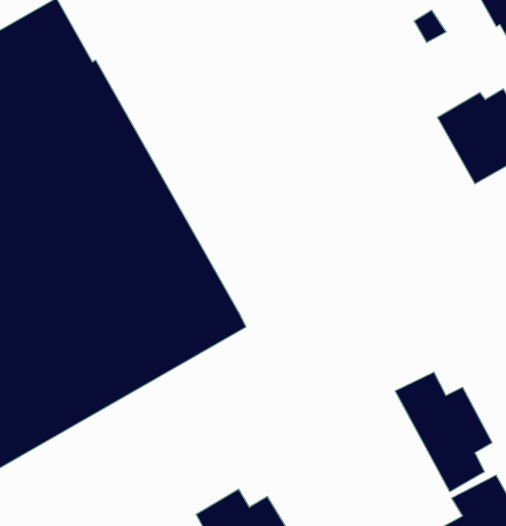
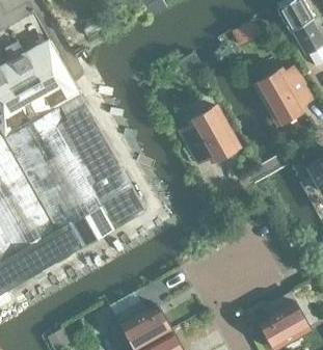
building: none -> [182,106,238,162]
building: [395,372,492,492] -> none

